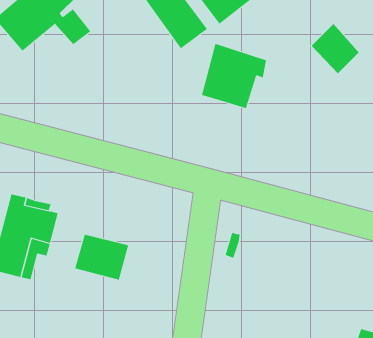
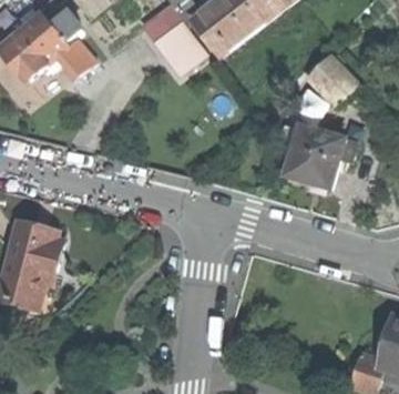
building: [201,43,267,109] -> [284,123,348,188]
building: [75,234,129,281] -> none

